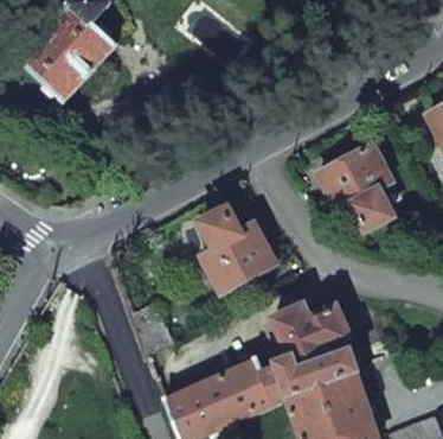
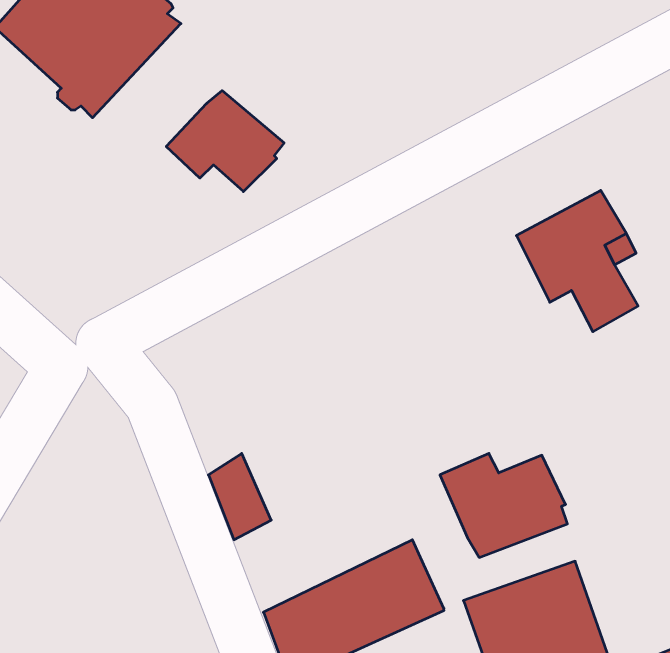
building: none -> [166,91,284,192]
building: [201,209,276,294] -> none
building: [263,348,359,399] -> none

